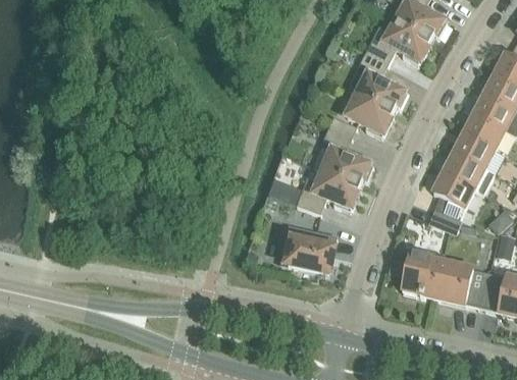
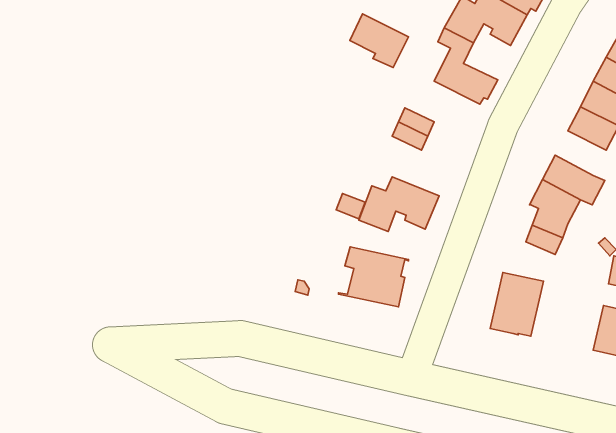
building: [346,92,393,134] -> [350,14,408,67]
building: [453,131,494,167] -> none
building: [322,146,372,183] -> none
building: [433,260,485,306] -> none

